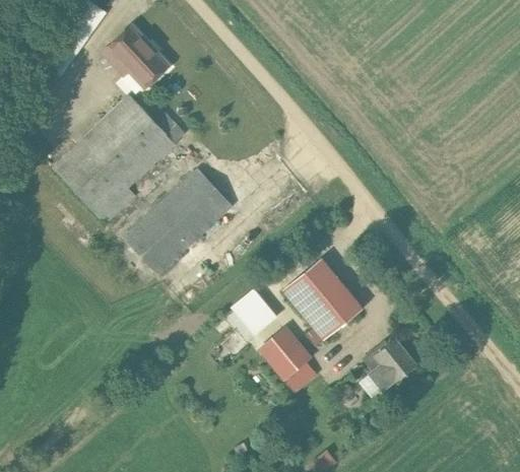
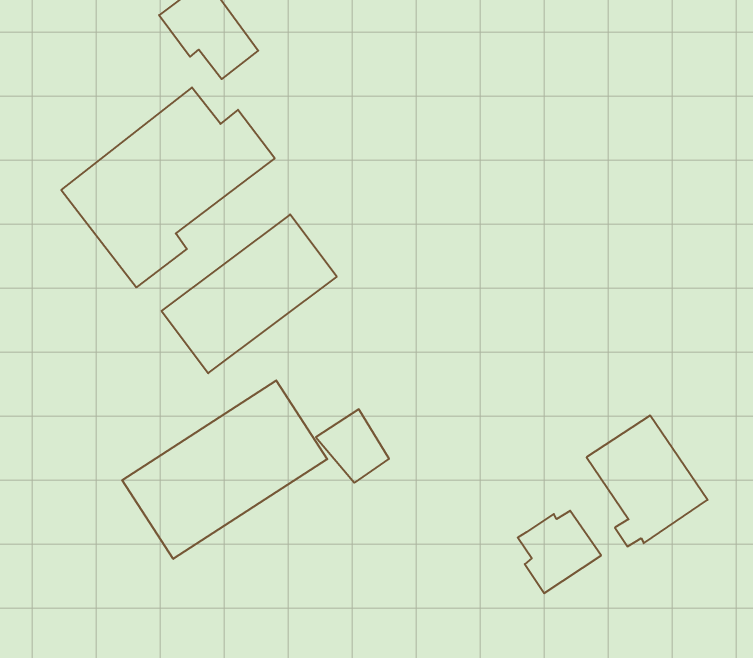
building: [282,259,362,343] -> [587,416,708,546]
building: none -> [122,380,327,559]
building: [260,328,318,393] -> none

